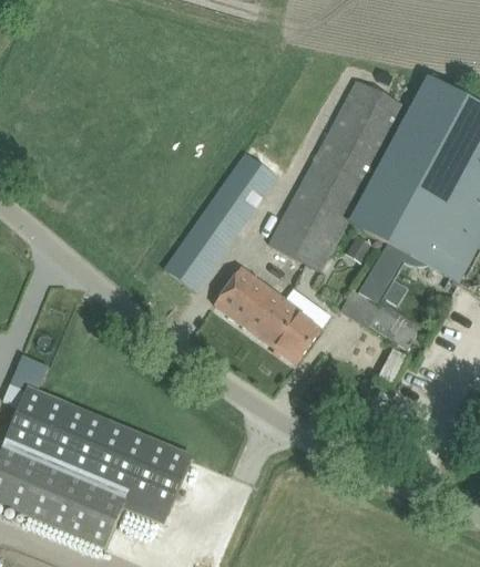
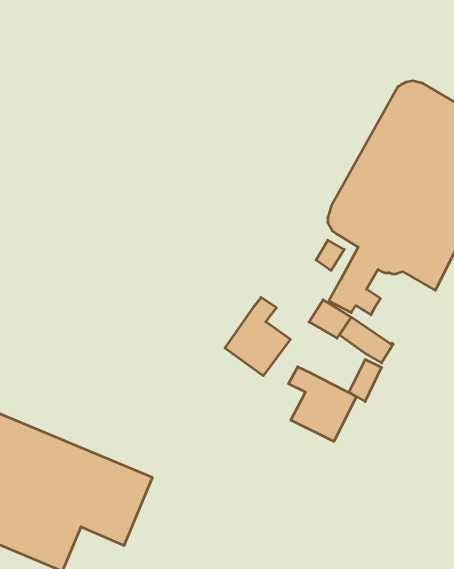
building: [270,80,408,271] -> none
building: [164,151,279,289] -> none
building: [215,266,286,334] -> none
building: none -> [289,367,356,441]

